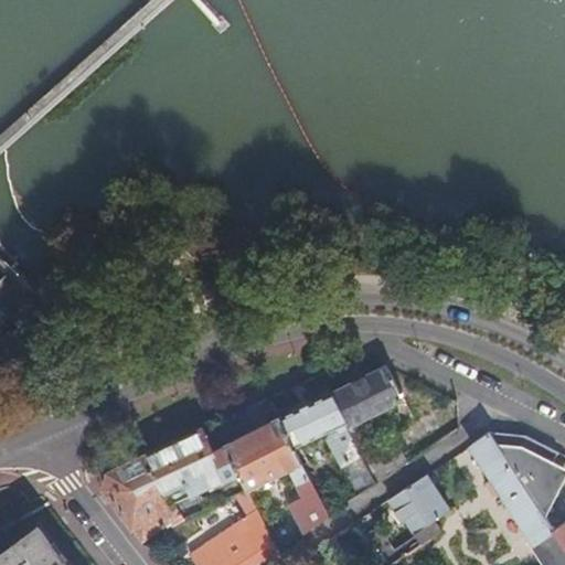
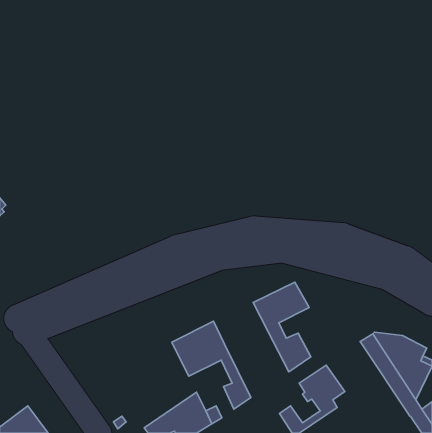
building: [278,394,349,448] -> none
building: [103,429,238,542] -> none

